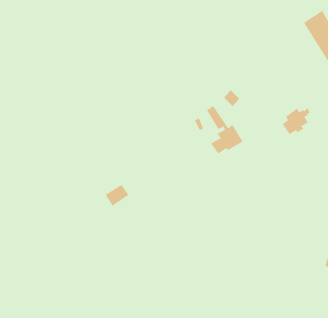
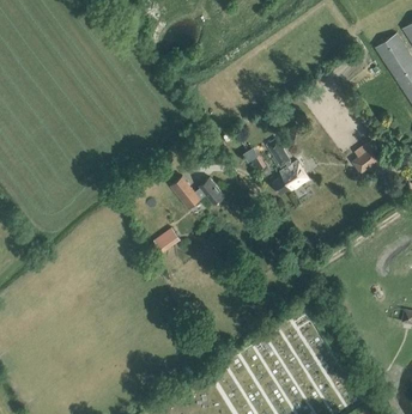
building: none -> [170,176,224,209]

